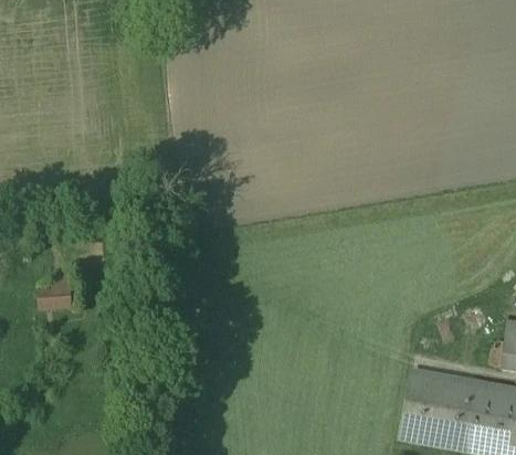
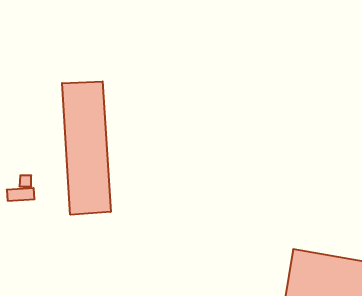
building: none -> [62,81,111,215]

